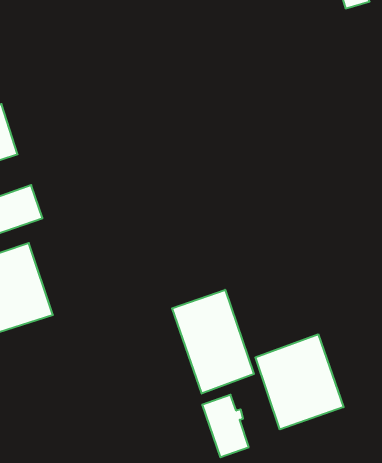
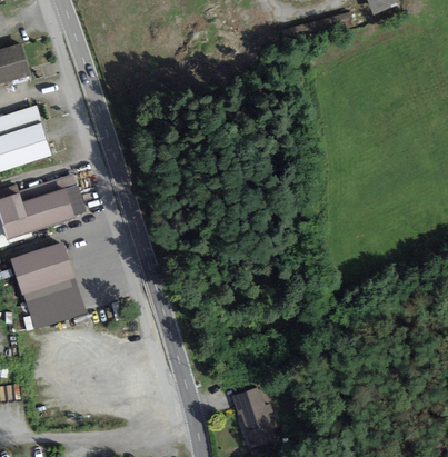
building: [172,290,254,394] -> none
building: [255,334,344,429] -> none

